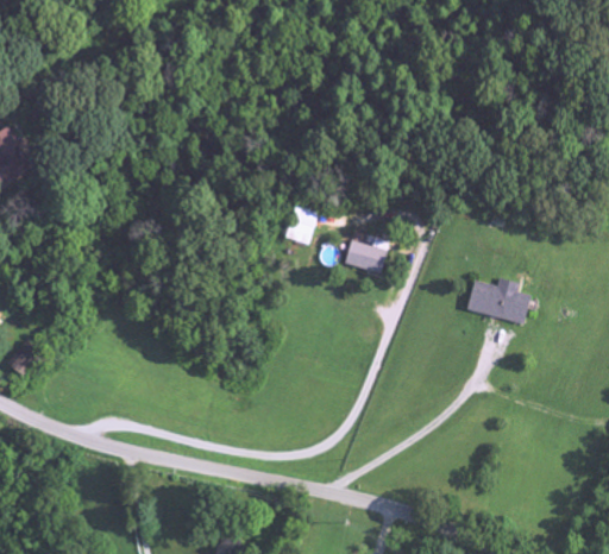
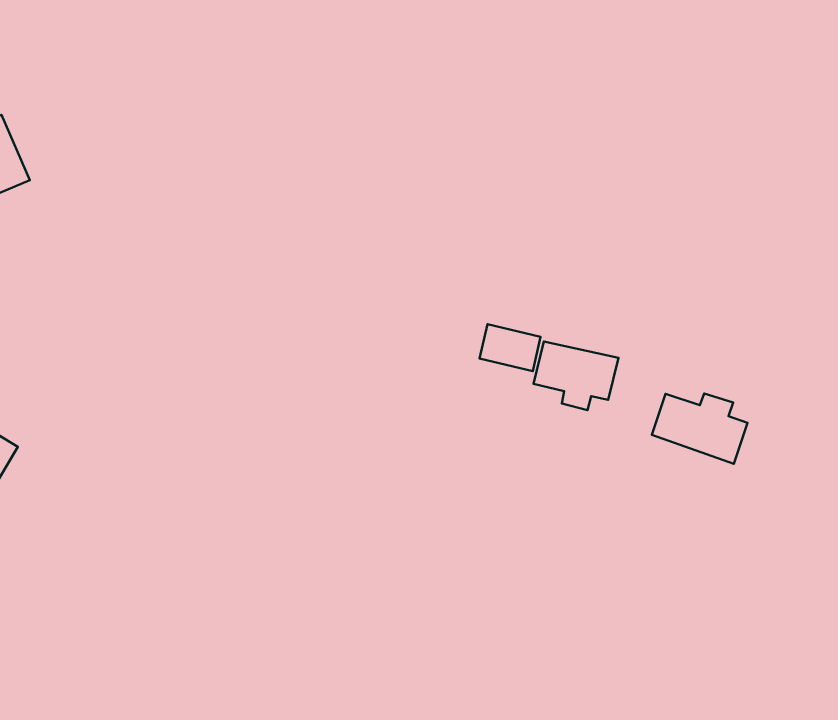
building: [284,204,320,244] -> none
building: none -> [534,342,618,410]

